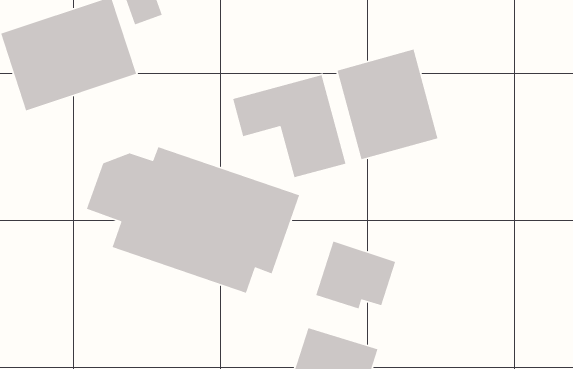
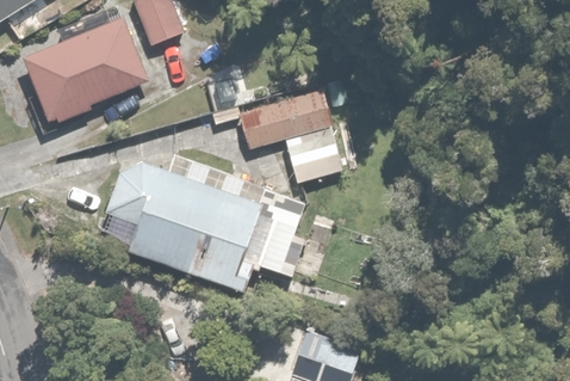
building: [336,49,438,160] -> none
building: [315,240,396,310] -> none

